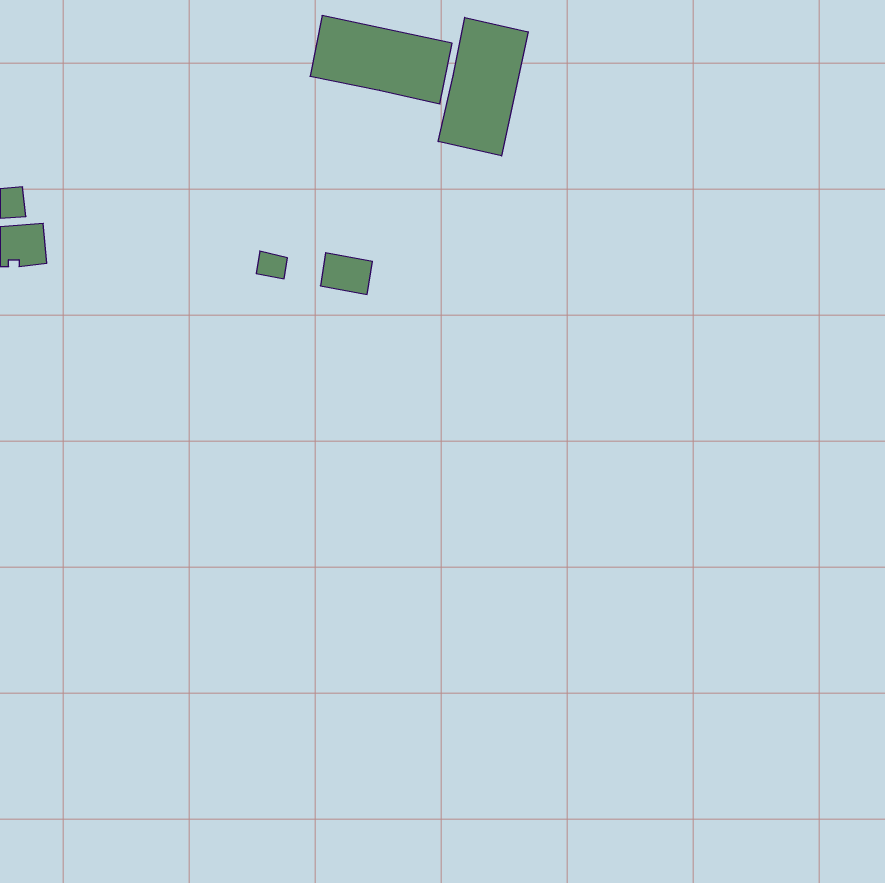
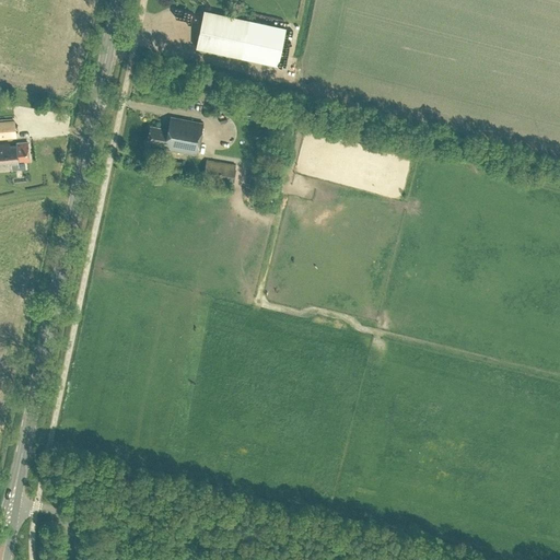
building: [438,17,528,156] -> none
building: none -> [147,118,202,155]

